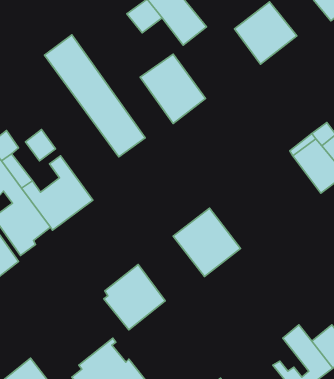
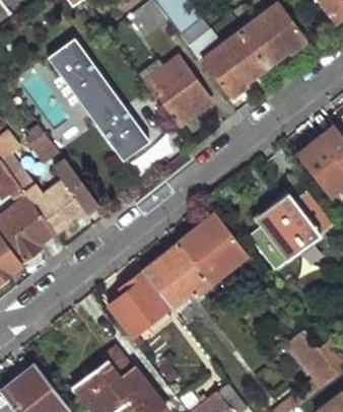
building: none -> [189,29,267,95]
building: none -> [252,189,333,267]
building: none -> [143,241,210,305]

